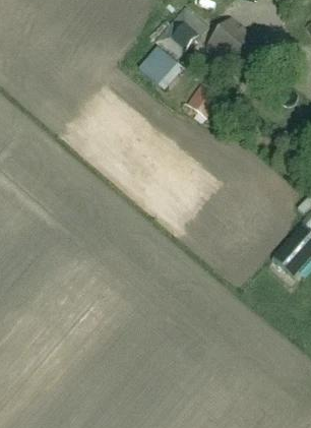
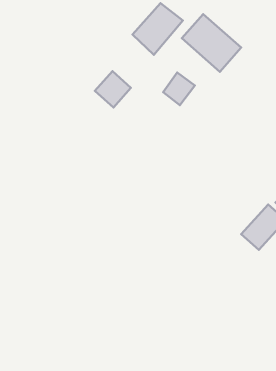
building: [136,46,176,85] -> [95,71,131,107]

